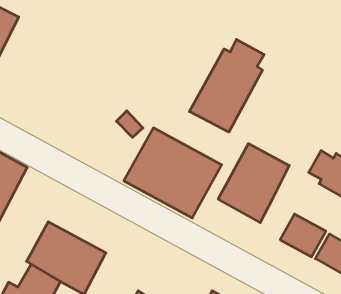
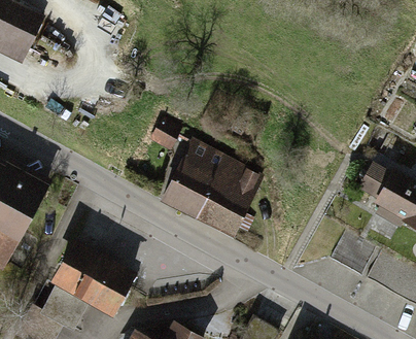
building: [189,39,264,132] -> none
building: [218,144,289,223] -> none

